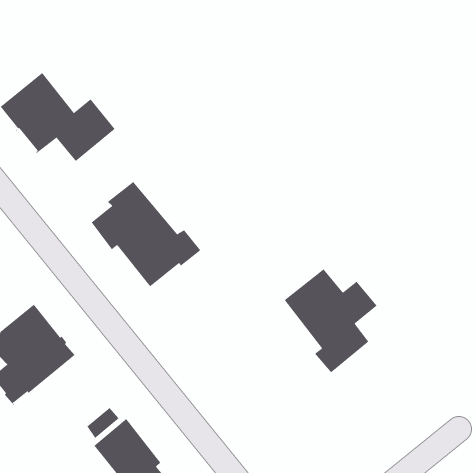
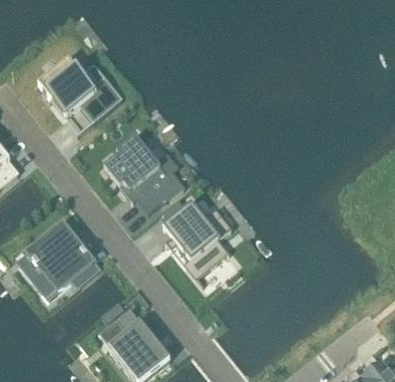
building: [284,268,378,373] -> [160,204,229,280]

